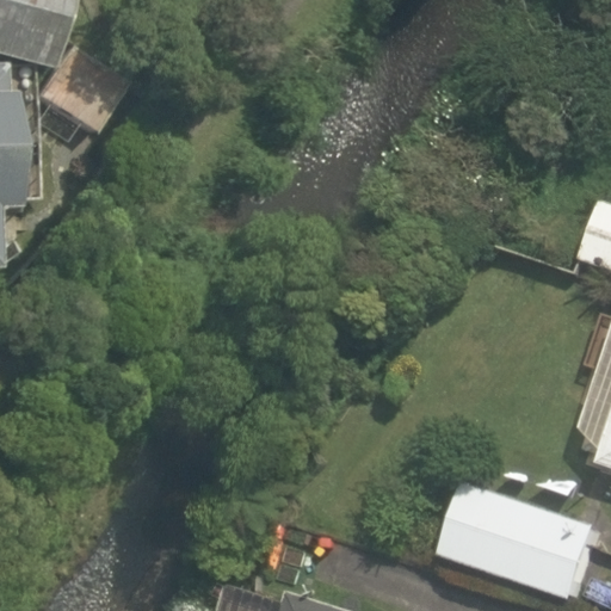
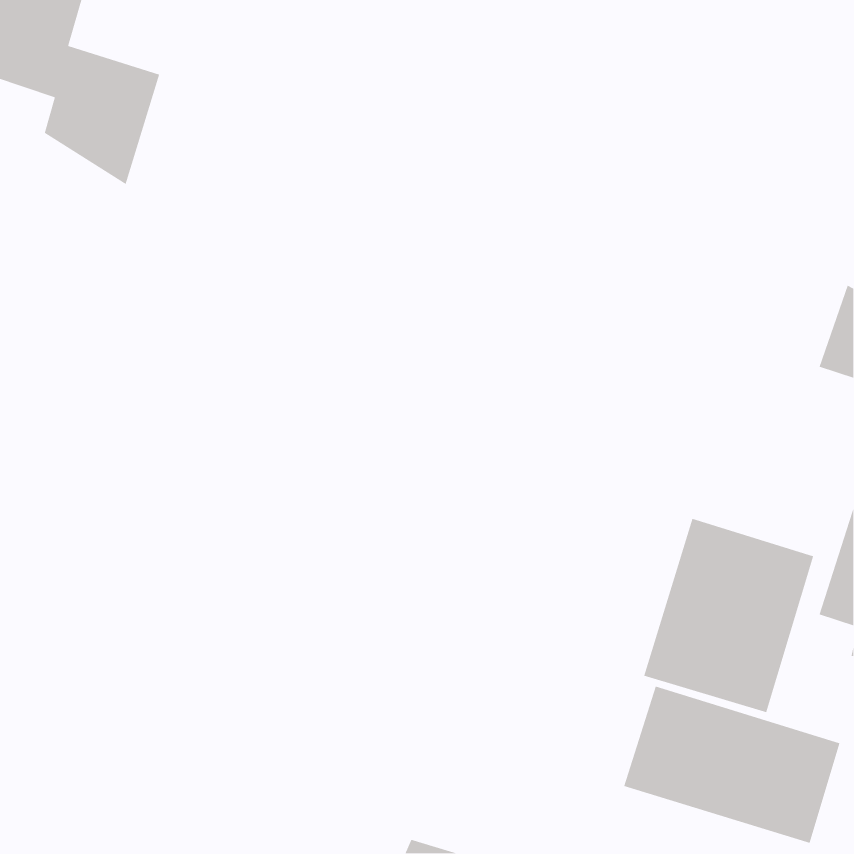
building: none -> [643,518,814,713]

